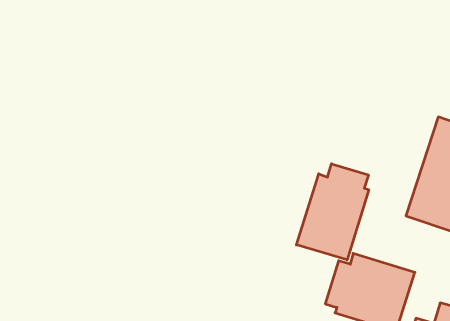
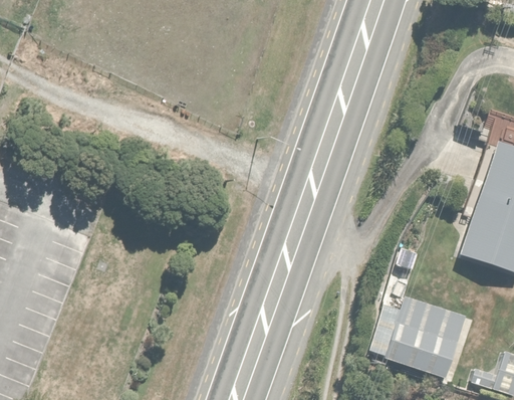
building: [296,164,369,260] -> none

